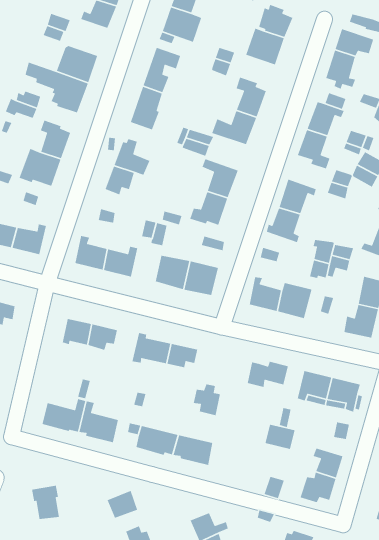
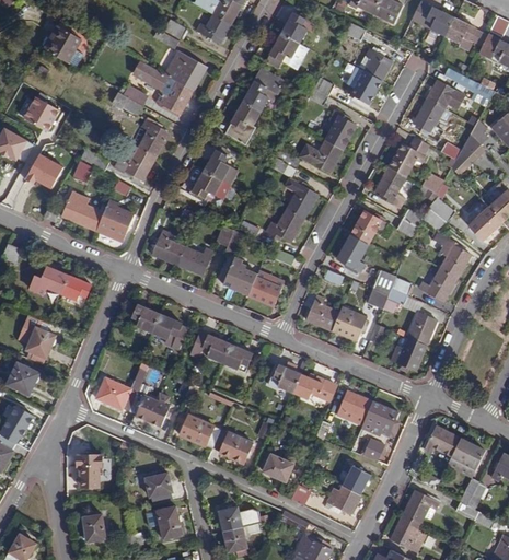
building: [193,383,221,416] -> [273,361,300,393]
building: [265,424,295,450] -> [263,454,293,481]

